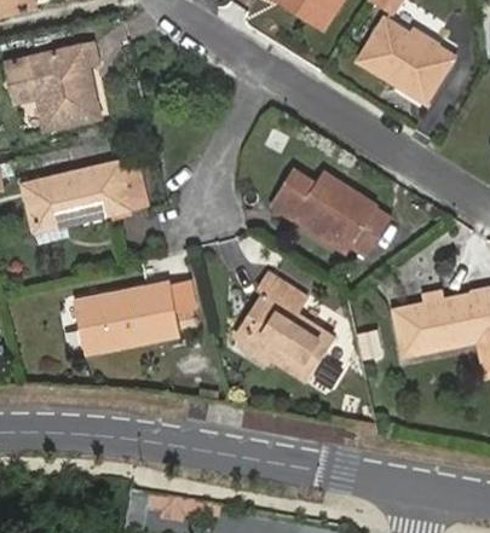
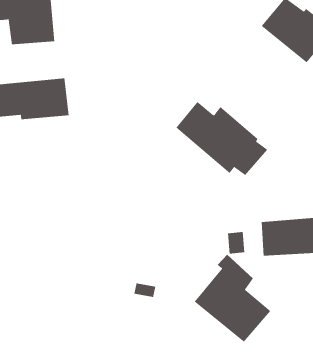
building: [236,272,336,382] -> [194,254,271,343]
building: [74,282,180,353] -> none

